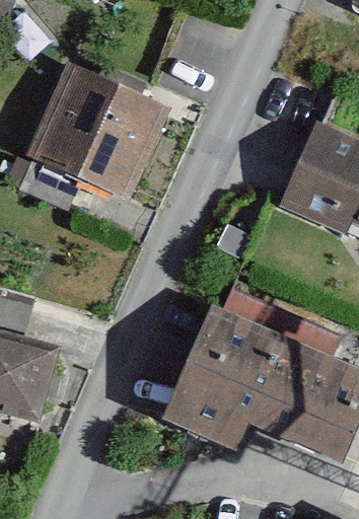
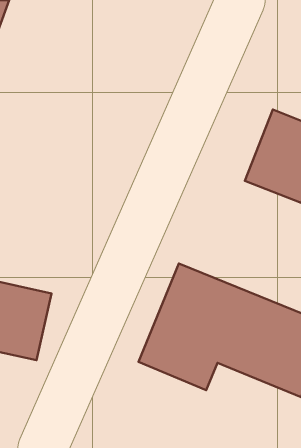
building: [21,59,173,203] -> none

